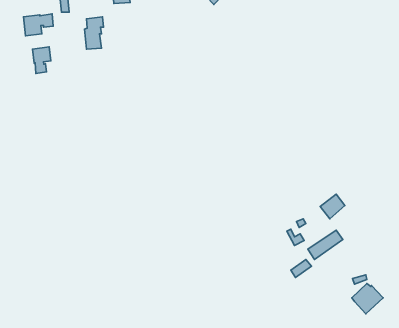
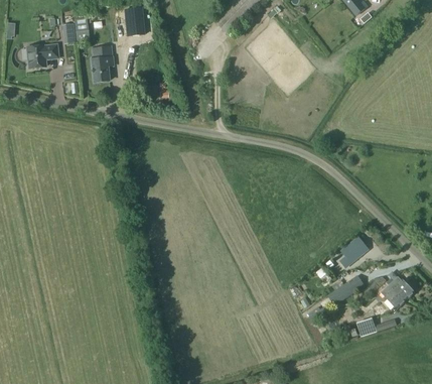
building: [33,47,51,73] -> none
building: [352,284,383,314] -> [383,277,416,309]

